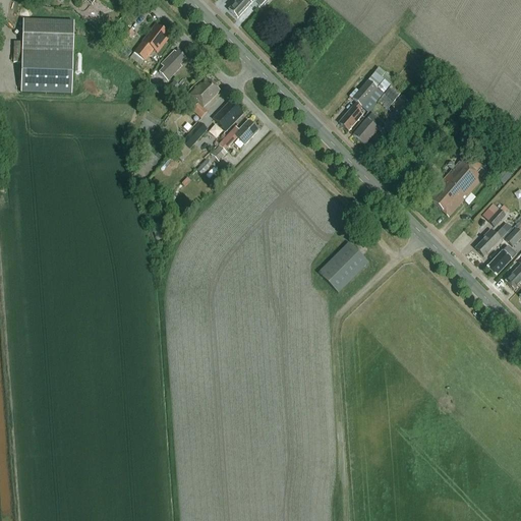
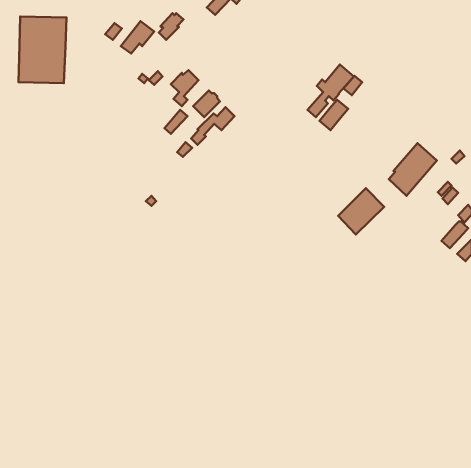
building: [160,49,187,78] -> [159,13,184,40]
building: [475,226,508,255] -> none
building: [319,240,369,291] -> [338,188,384,234]

